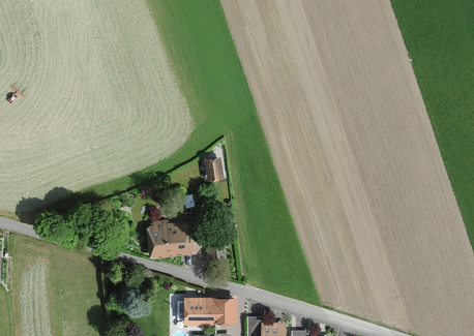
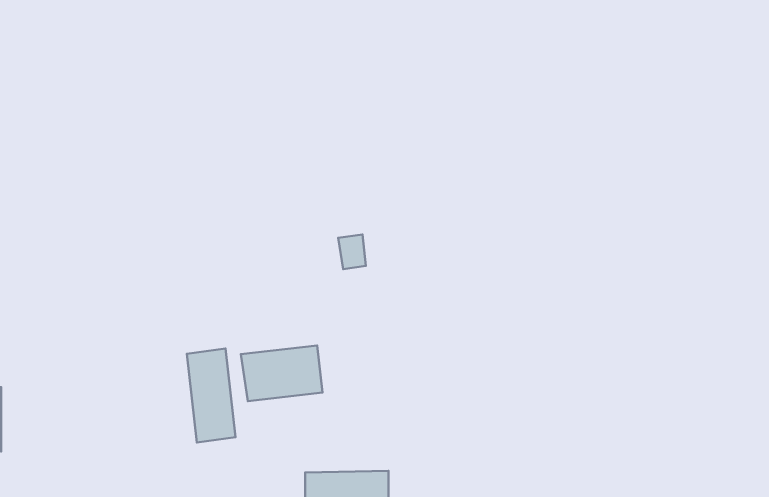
building: none -> [187,349,235,442]

